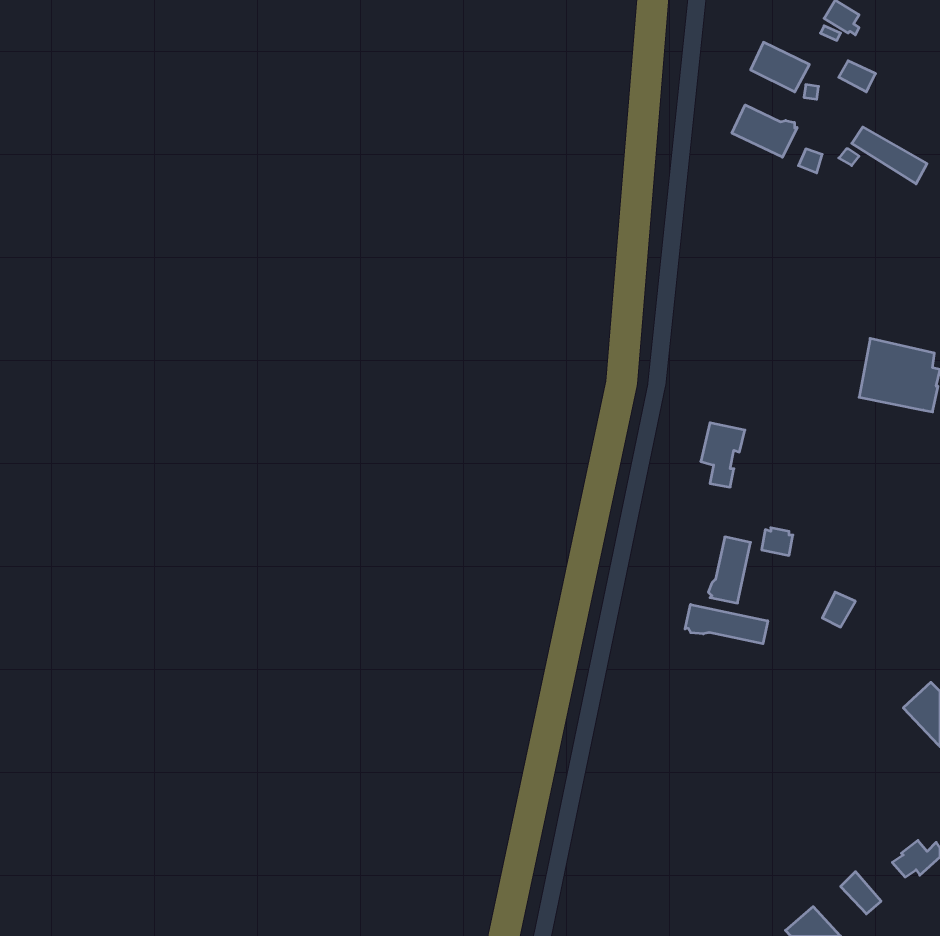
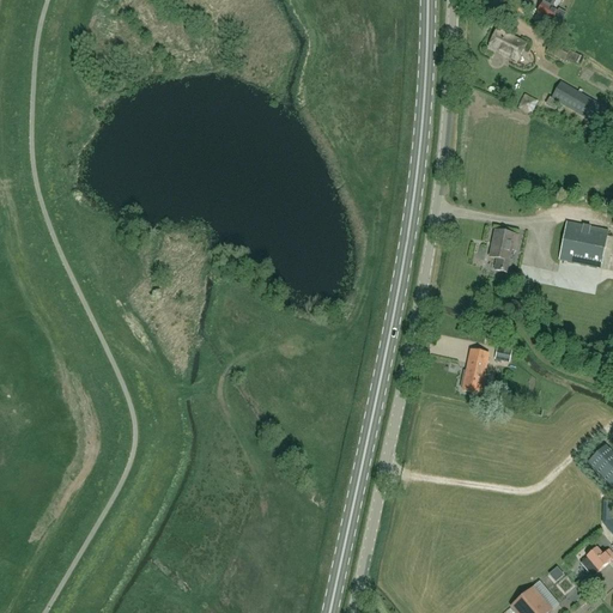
building: [732,105,797,157] -> none
building: [701,423,745,487] -> [490,230,518,272]
building: [685,604,768,644] -> none

